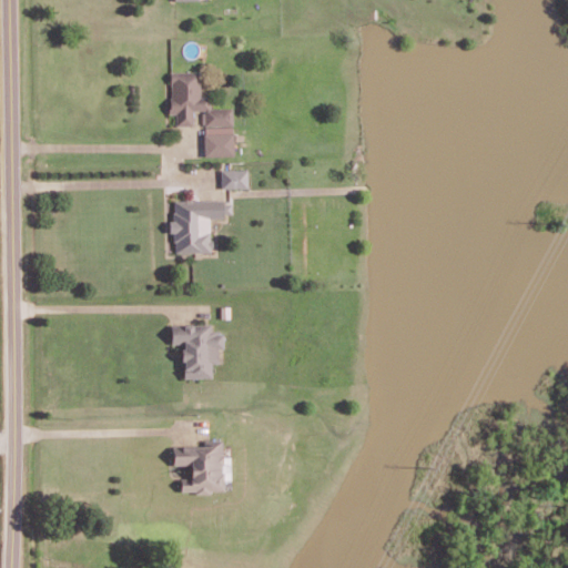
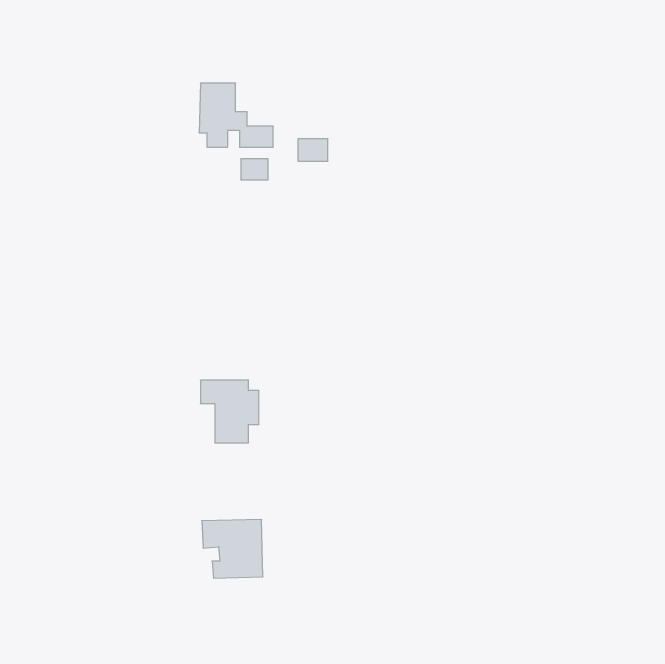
building: [222,171,247,190] -> [298,139,328,161]
building: [173,201,231,254] -> none

